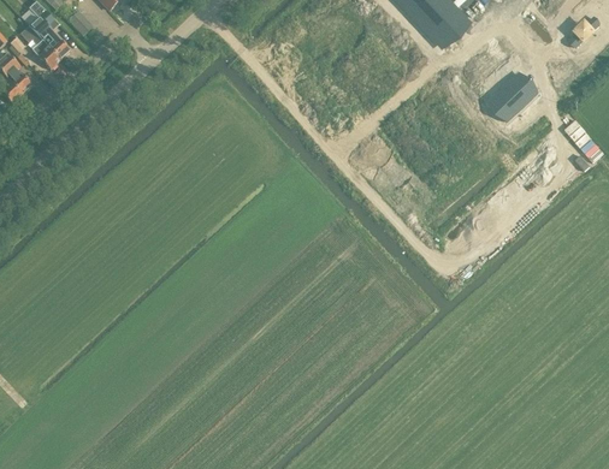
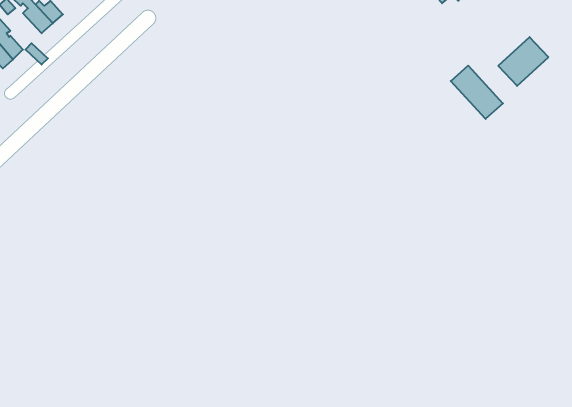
building: none -> [451,66,503,119]

